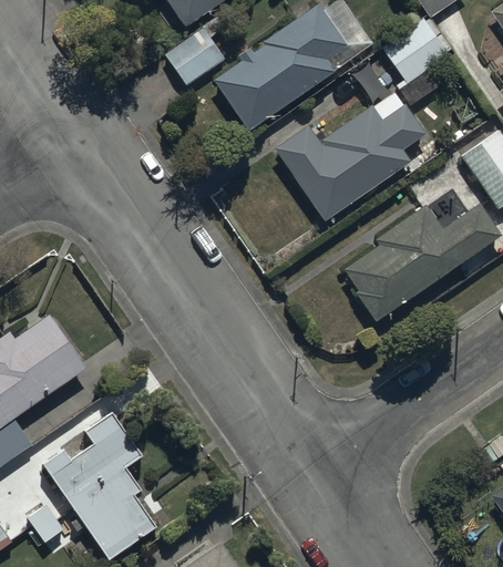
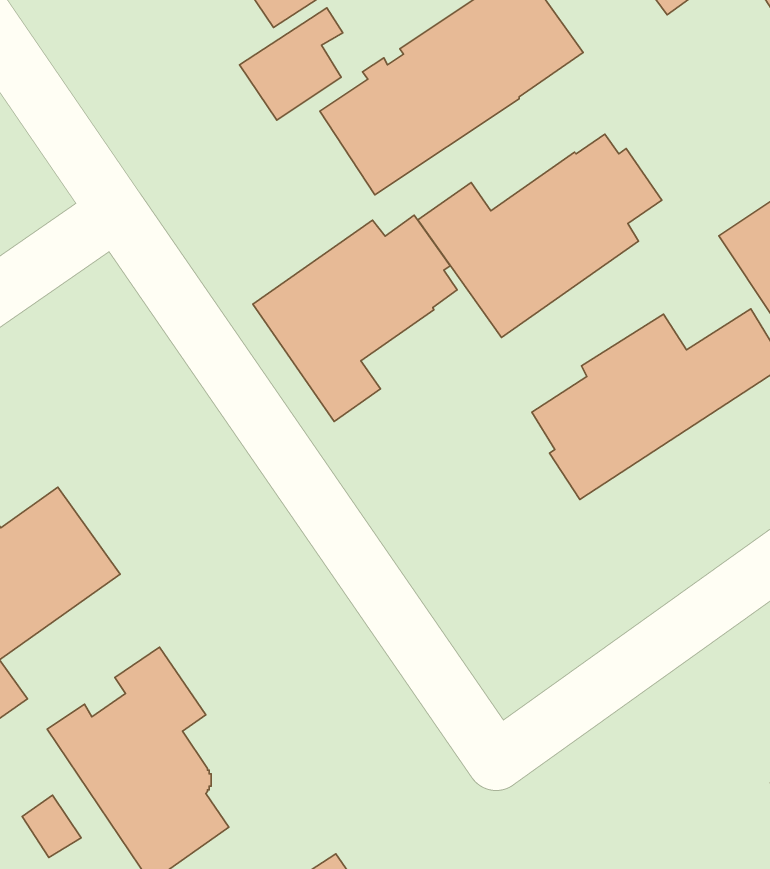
building: [380,18,449,107] -> none
building: none -> [253,215,457,422]

